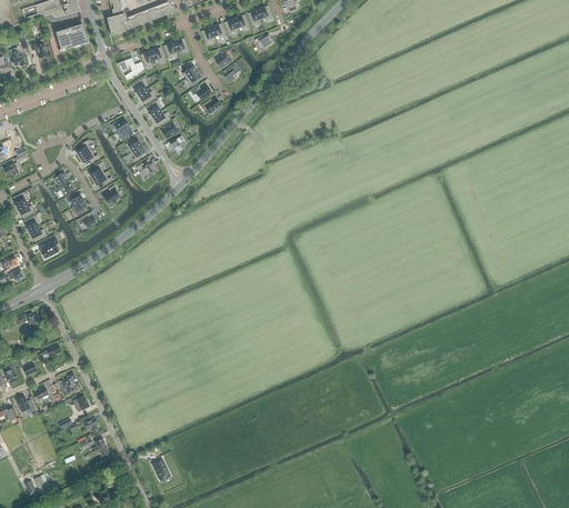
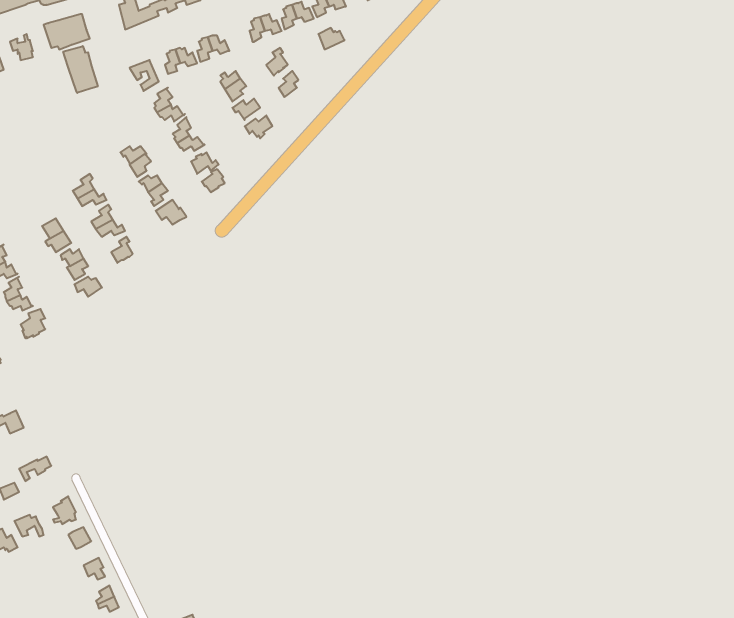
building: none -> [63,46,98,93]

